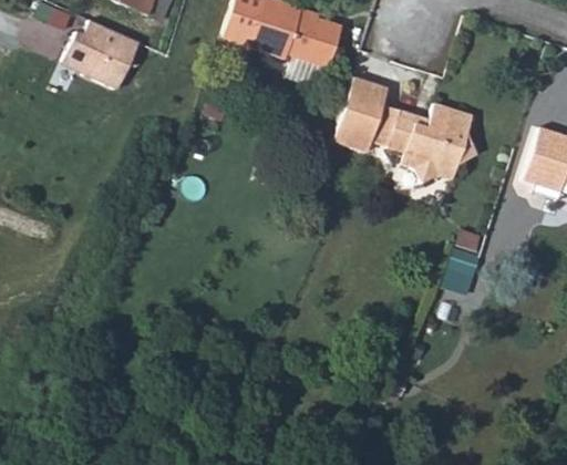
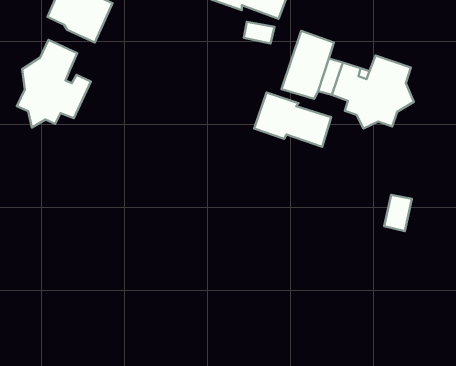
building: none -> [17,40,91,127]
building: none -> [254,93,331,147]

